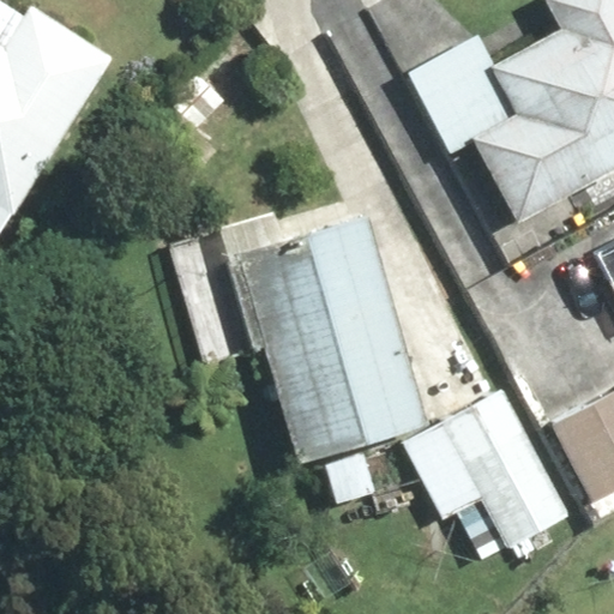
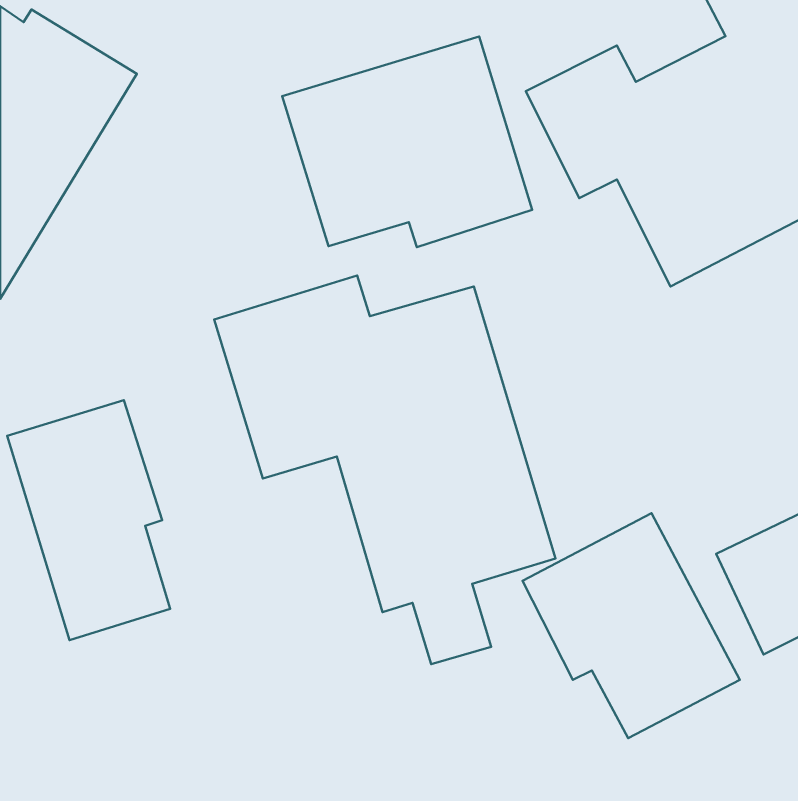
building: none -> [282,37,532,247]
building: none -> [7,400,170,640]

